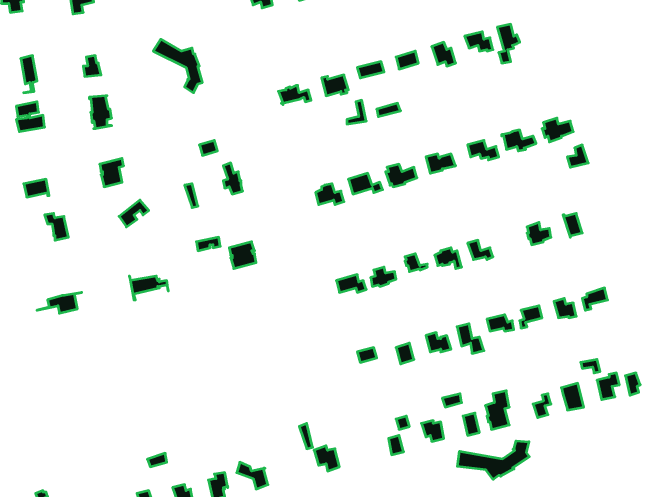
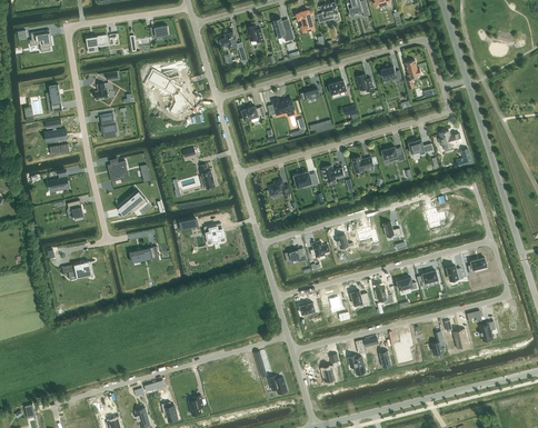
building: [457,441,529,479] -> none

